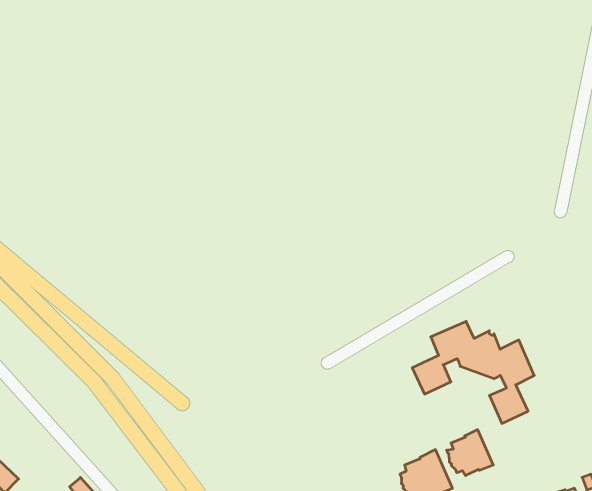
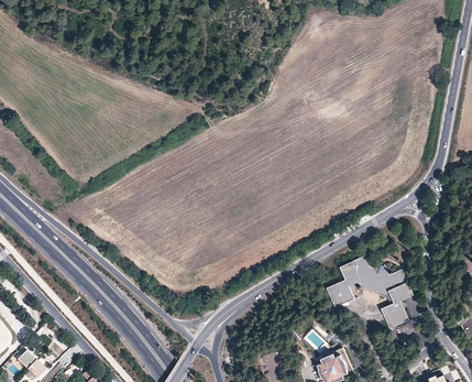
building: [447,430,493,476] -> none

